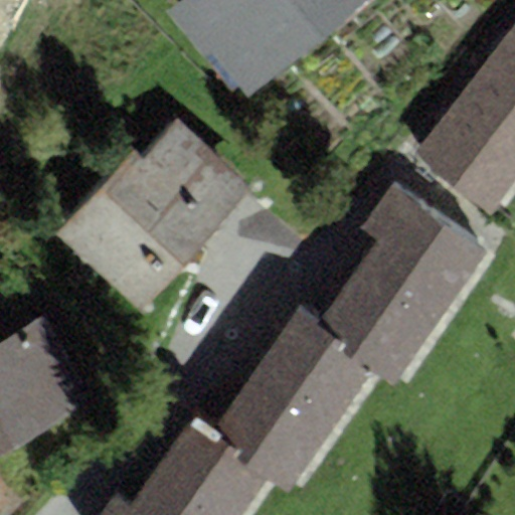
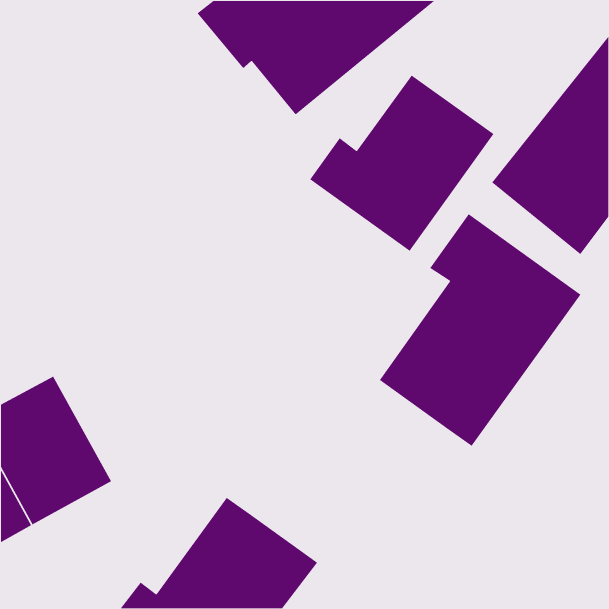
building: none -> [309,74,494,252]
building: [55,122,253,312] -> none
building: [208,306,377,488] -> none

